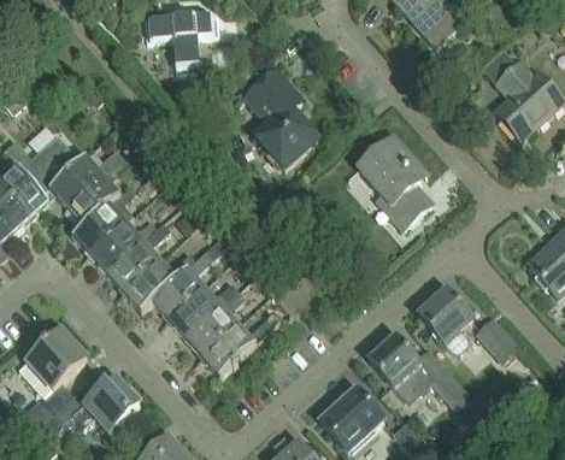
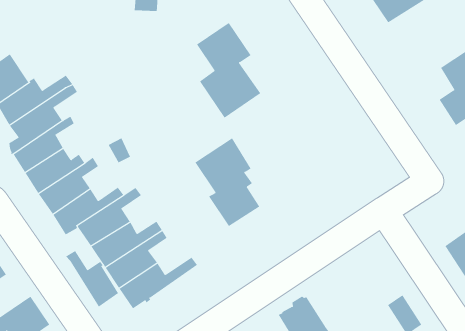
building: [358,135,431,226] -> [194,137,260,227]
building: [418,288,472,349] -> none
building: none -> [65,250,119,308]

